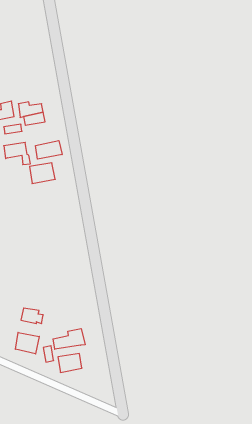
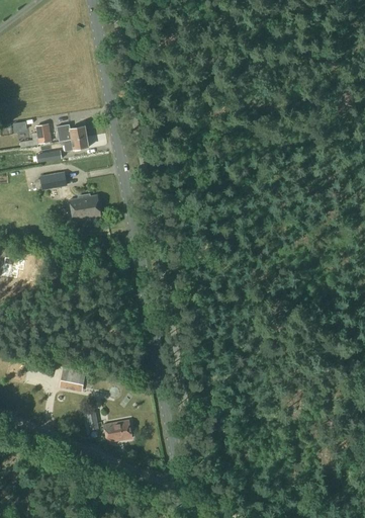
building: [36,141,62,159] -> none
building: [53,329,85,349] -> none
building: [15,332,39,354] -> none

